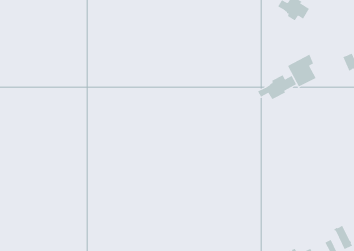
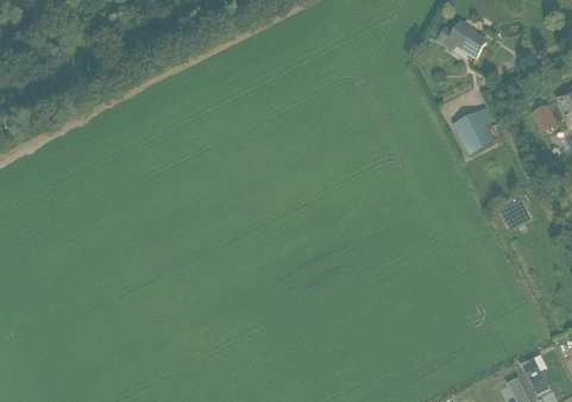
building: [258,75,297,100] -> none

